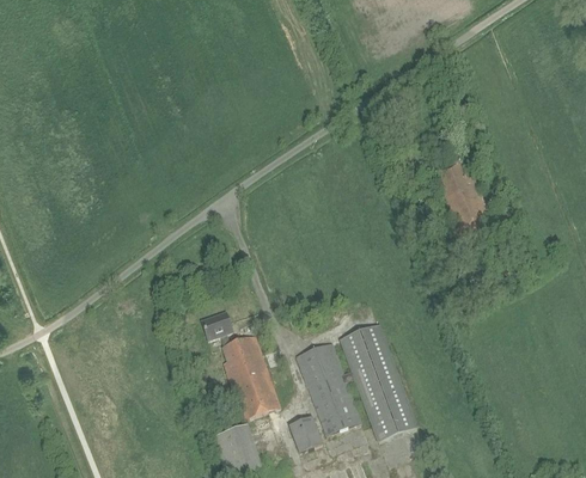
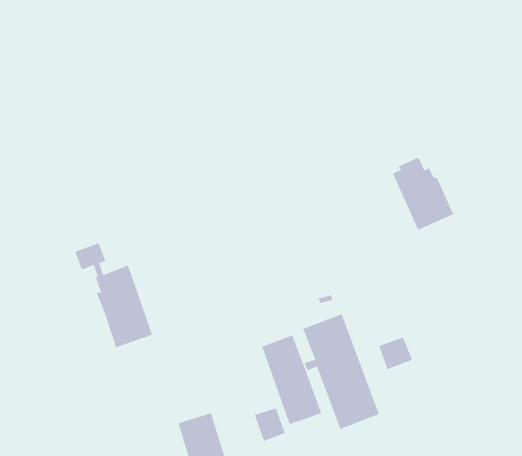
building: [200,311,280,418] -> [74,242,153,348]
building: none -> [378,336,413,370]

